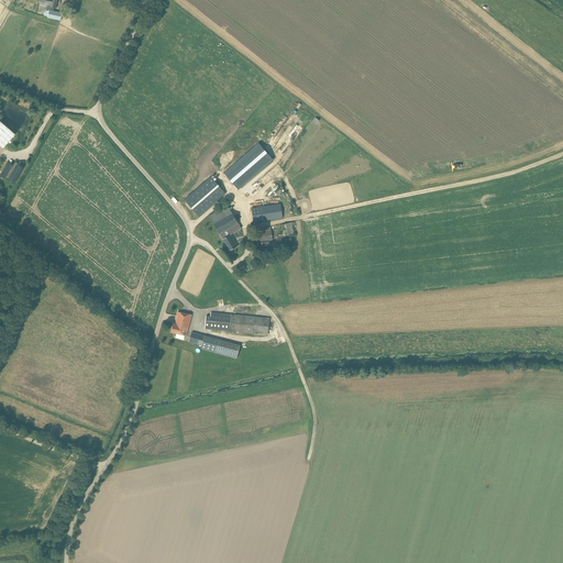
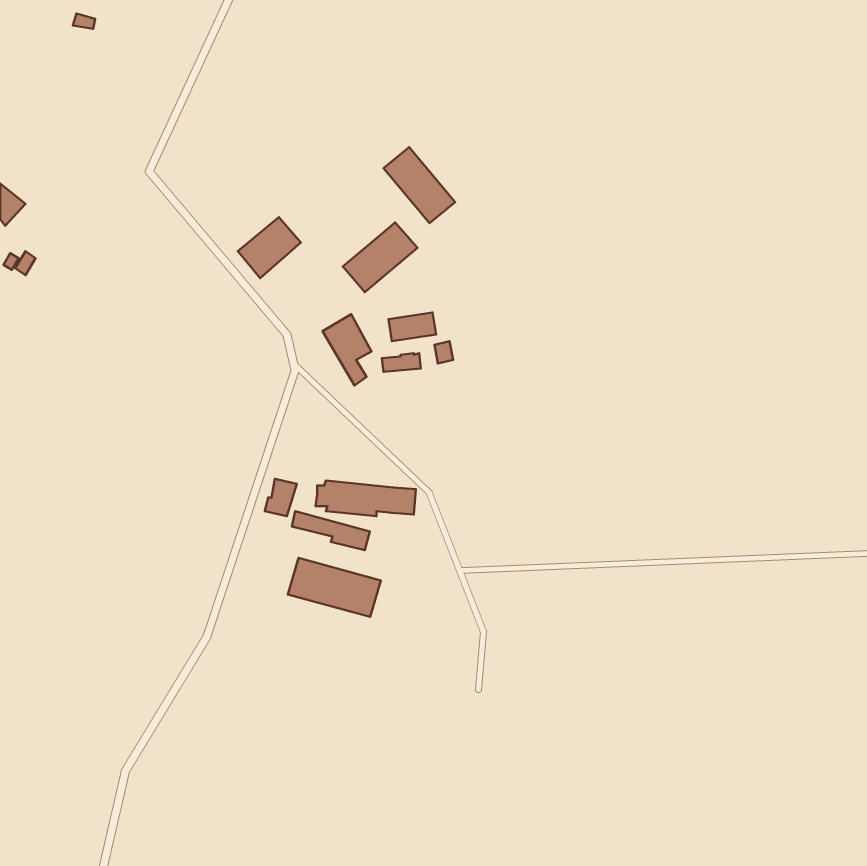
building: none -> [383,147,455,223]
building: [185,176,225,216] -> [238,217,301,278]
building: none -> [288,558,381,617]

